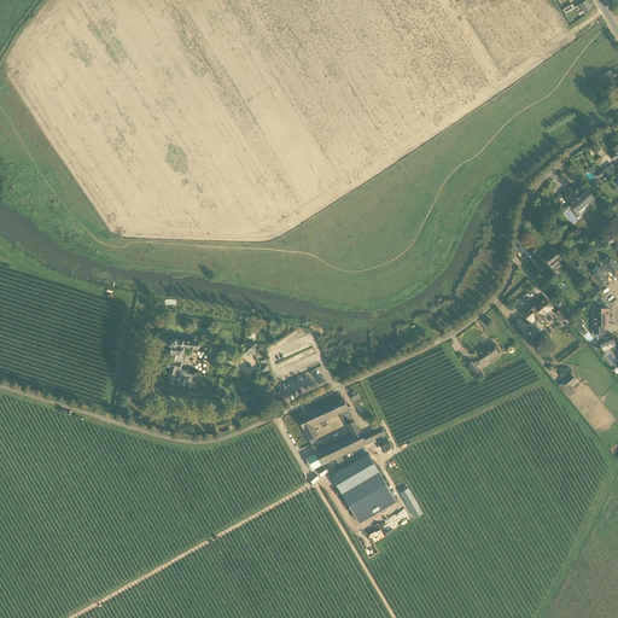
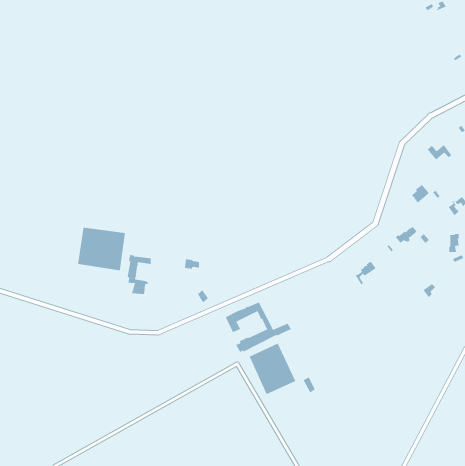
building: none -> [78,227,126,271]

